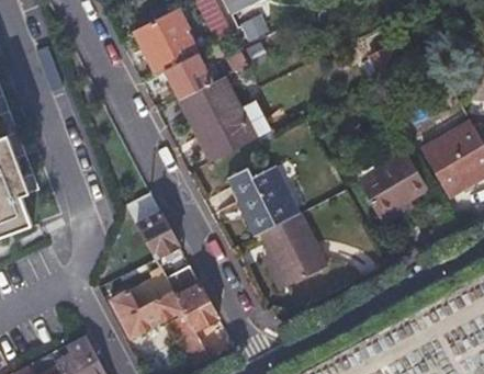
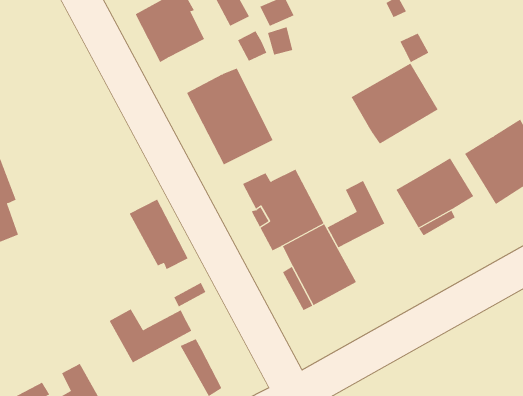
building: [162,50,210,98] -> none
building: none -> [351,63,438,145]
building: none -> [327,180,385,248]
building: [177,282,218,326] -> none

